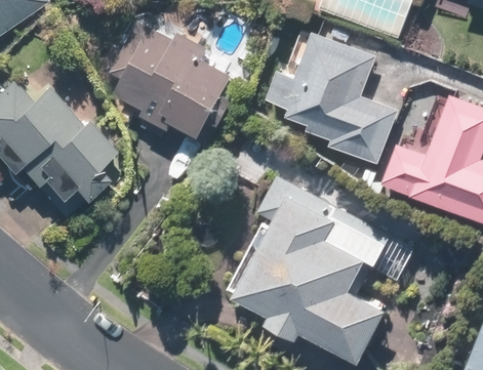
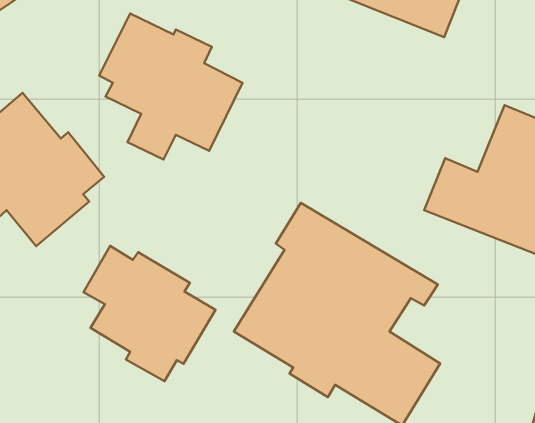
building: [266,31,400,164] -> none
building: none -> [83,246,216,381]

